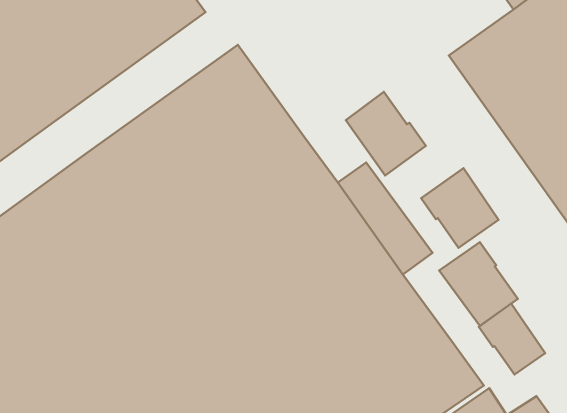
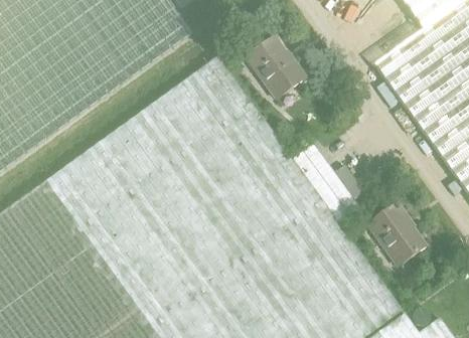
building: [346,92,426,176] -> [246,35,305,98]
building: [421,168,498,248] -> none
building: [479,304,545,375] -> none

